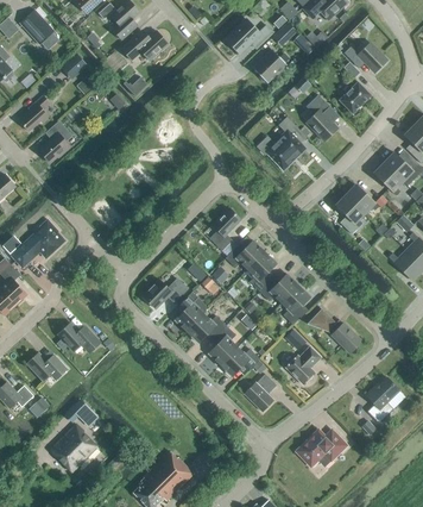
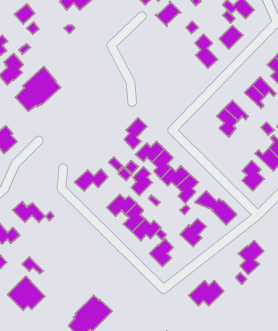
building: [255,117,305,171] -> none
building: none -> [15,67,61,111]
building: none -> [242,161,264,191]
building: [175,292,203,331] -> [131,167,152,196]

